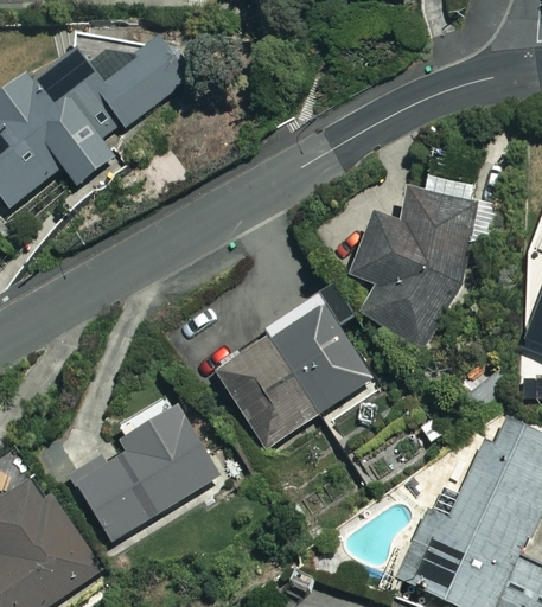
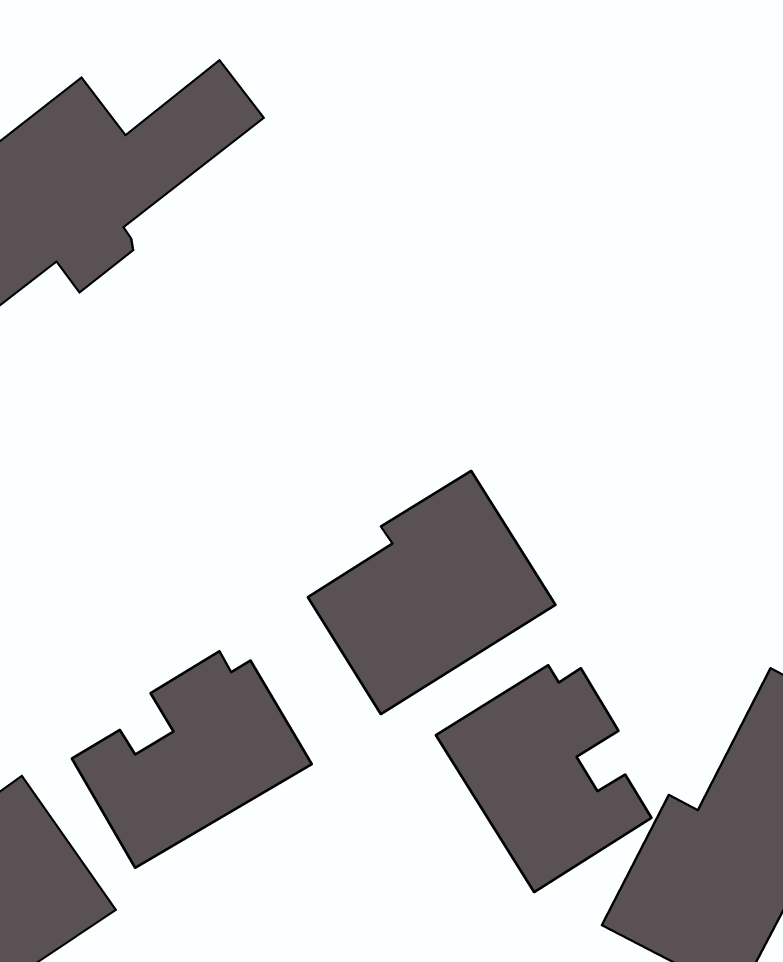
building: [353,174,478,349] -> none
building: none -> [436,665,652,892]

